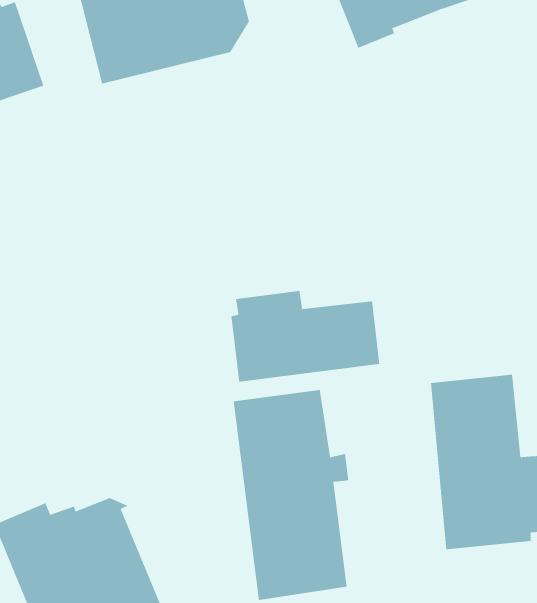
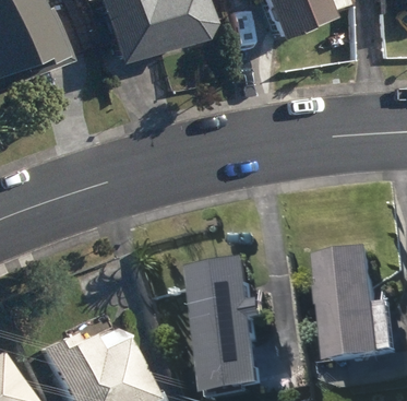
building: [231,290,380,383] -> none

